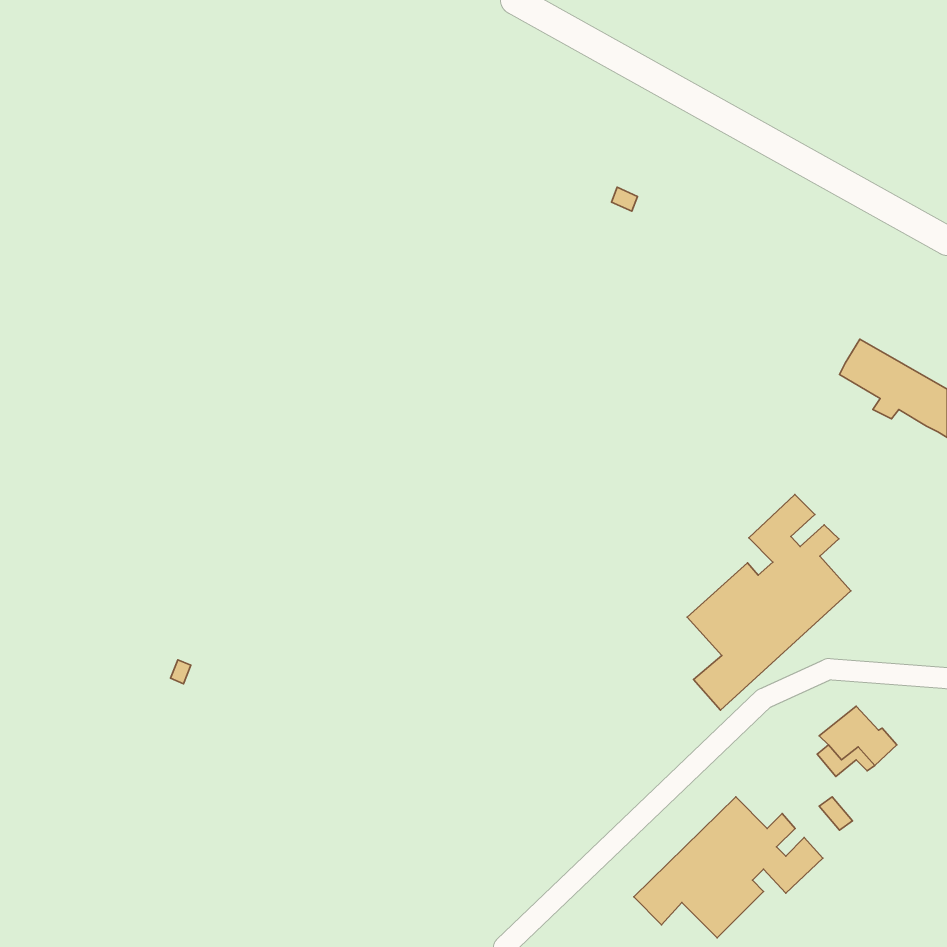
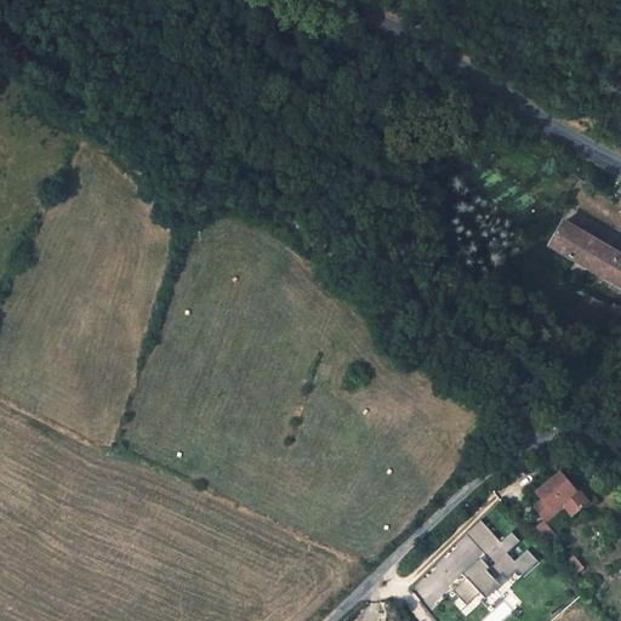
building: [687,494,851,710] -> none

